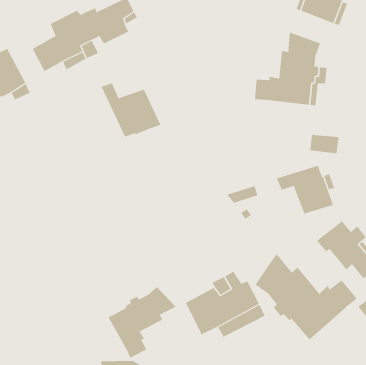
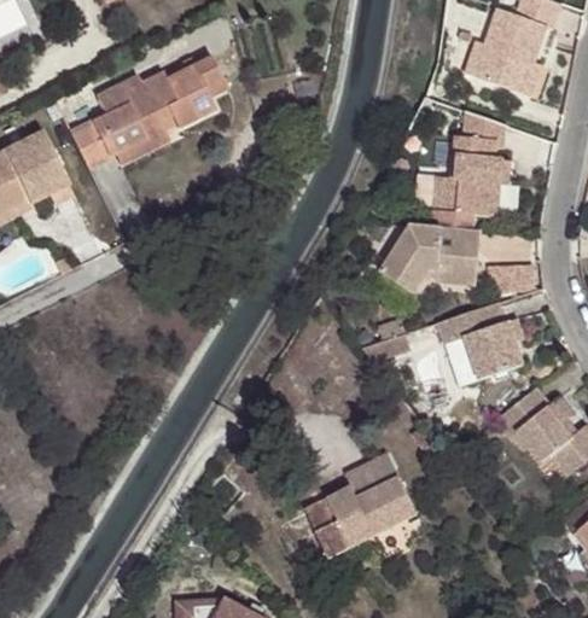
building: [101,83,161,138] -> none
building: none -> [366,225,479,313]
building: [255,253,358,340] -> none
building: [108,286,177,359] -> none

